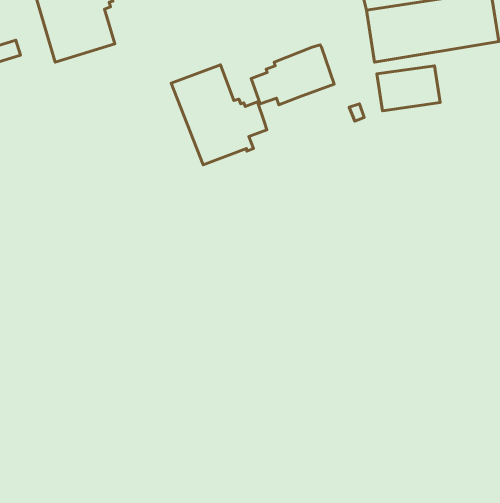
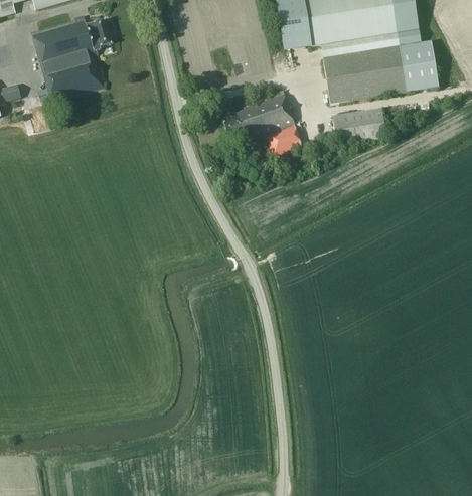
building: [171,65,267,165] -> none
building: none -> [265,122,303,156]

